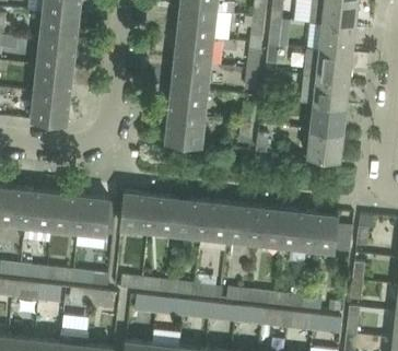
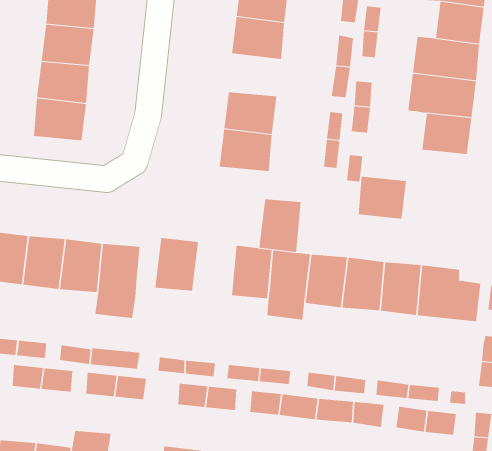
building: [172,61,210,92] -> none
building: [307,130,342,161] -> [358,176,407,219]
building: [147,196,177,234] -> [258,199,301,252]

